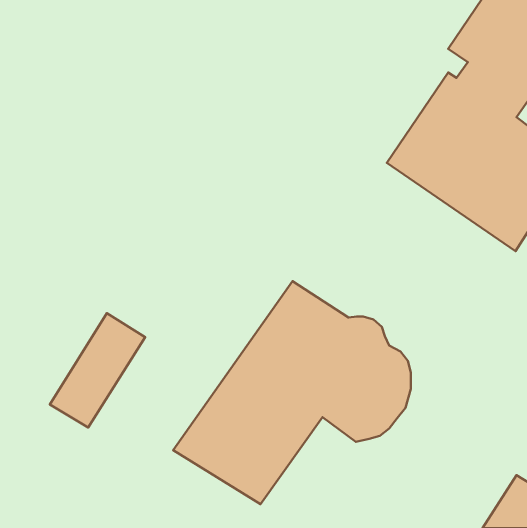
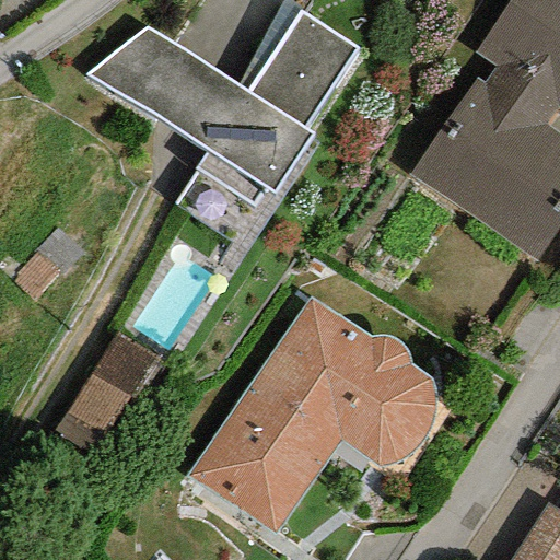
building: none -> [90,11,359,205]

